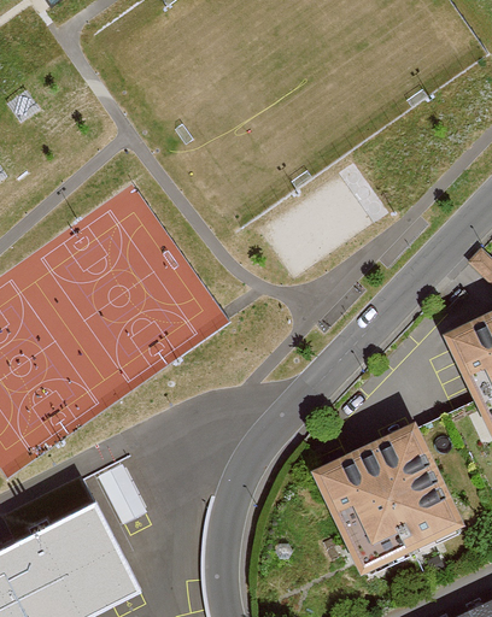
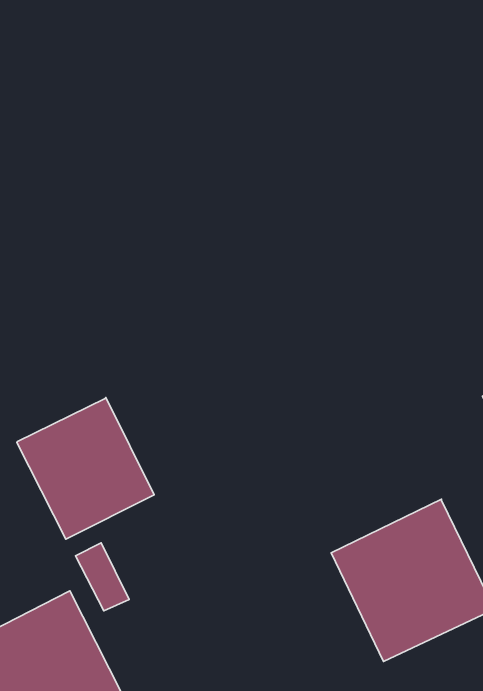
building: none -> [17,397,154,539]

